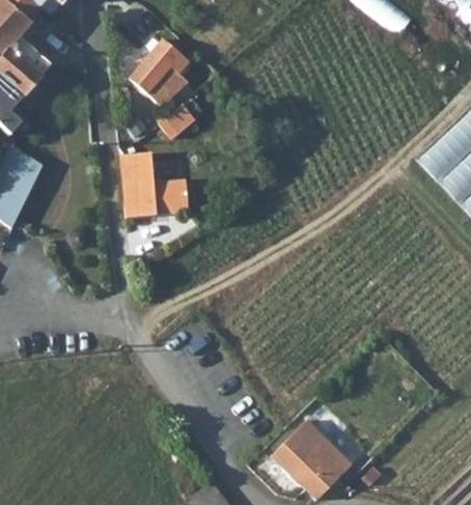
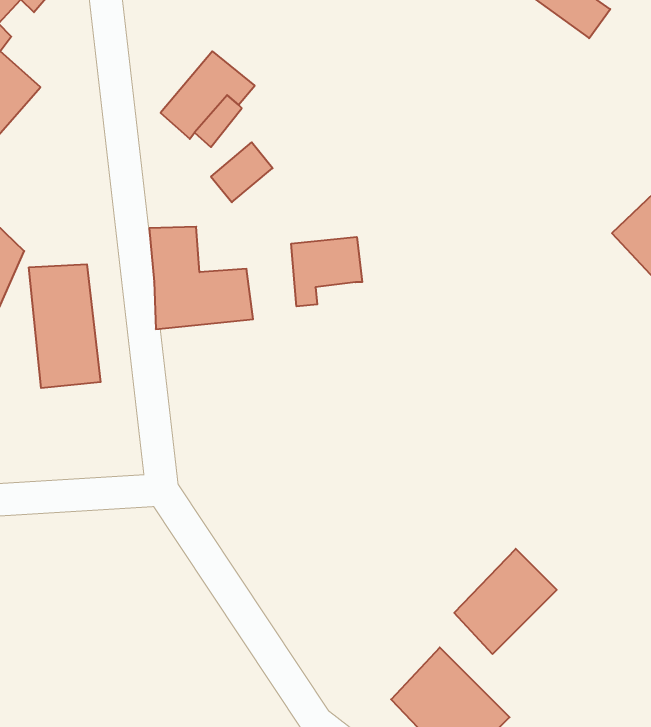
building: none -> [291,237,362,306]
building: none -> [29,264,101,388]
building: none -> [454,549,557,654]

